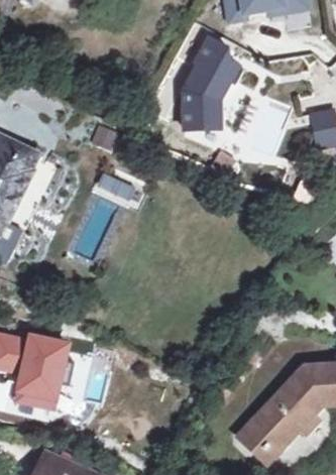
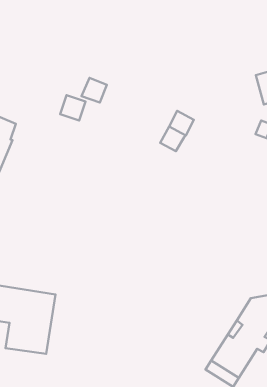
building: [185,37,245,125] -> none

